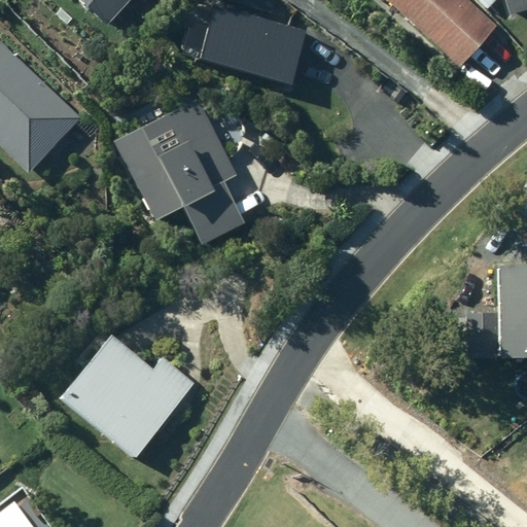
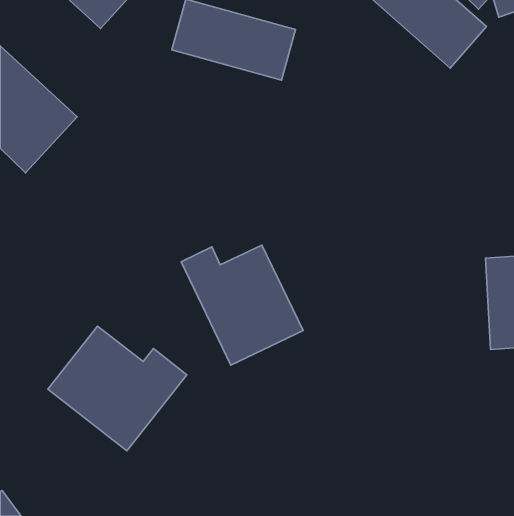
building: [115,102,244,248] -> none
building: none -> [181,245,303,365]

